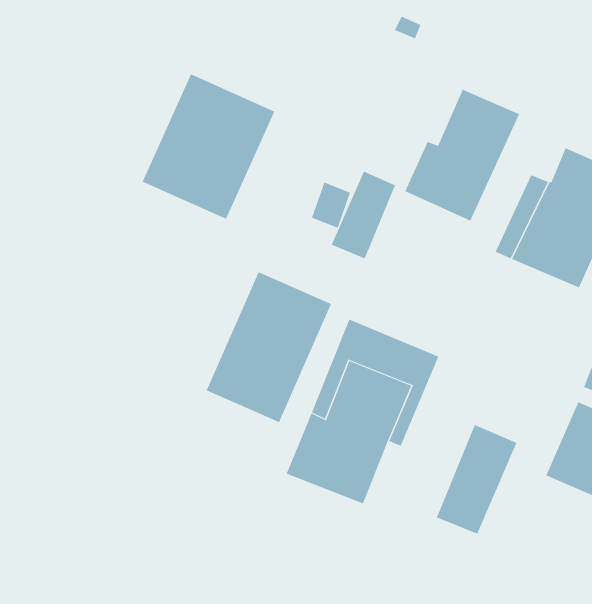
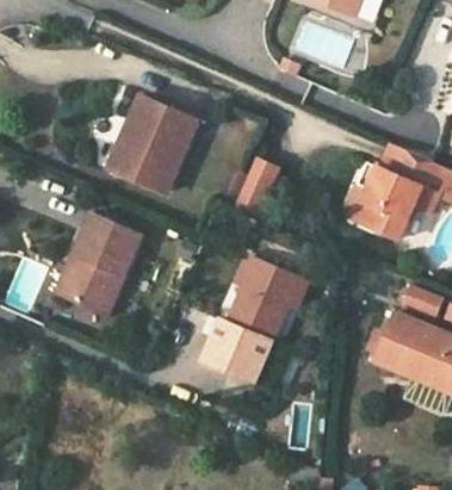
building: [404,89,520,222] -> none
building: [206,272,332,423] -> [57,215,141,315]
building: [436,424,517,534] -> none

